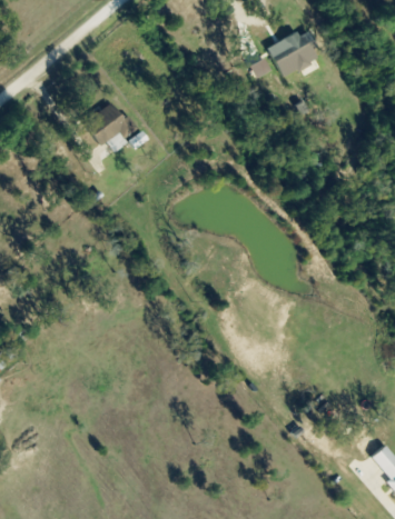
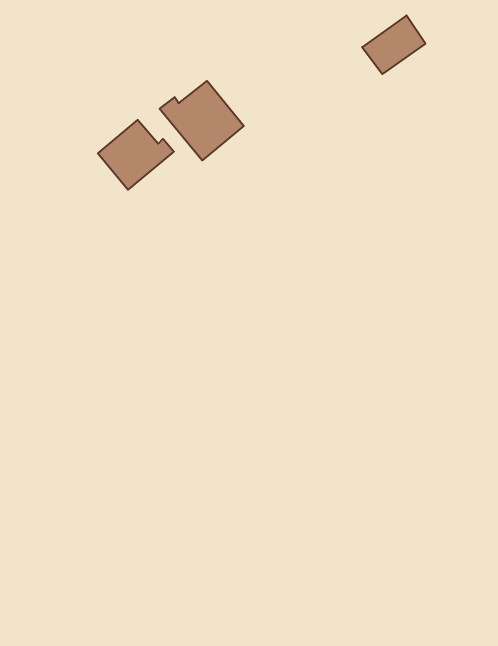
building: none -> [160,81,244,160]

